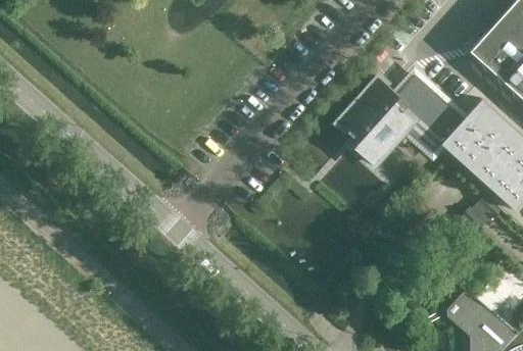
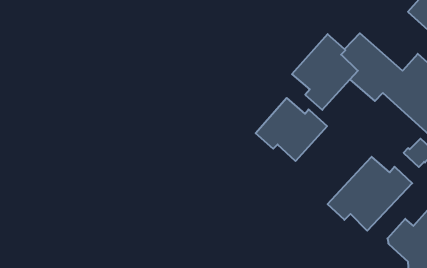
building: none -> [256,98,327,161]
building: none -> [328,157,412,231]

